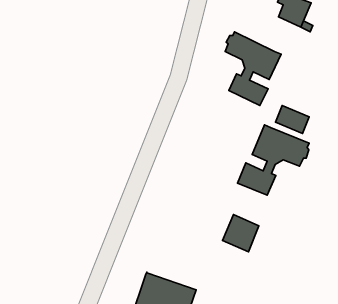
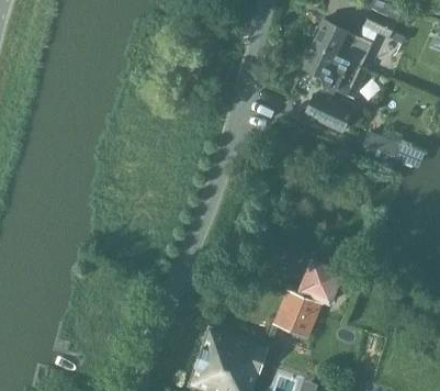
building: none -> [313,22,371,68]
building: [238,125,309,195] -> none
building: none -> [271,291,321,339]

